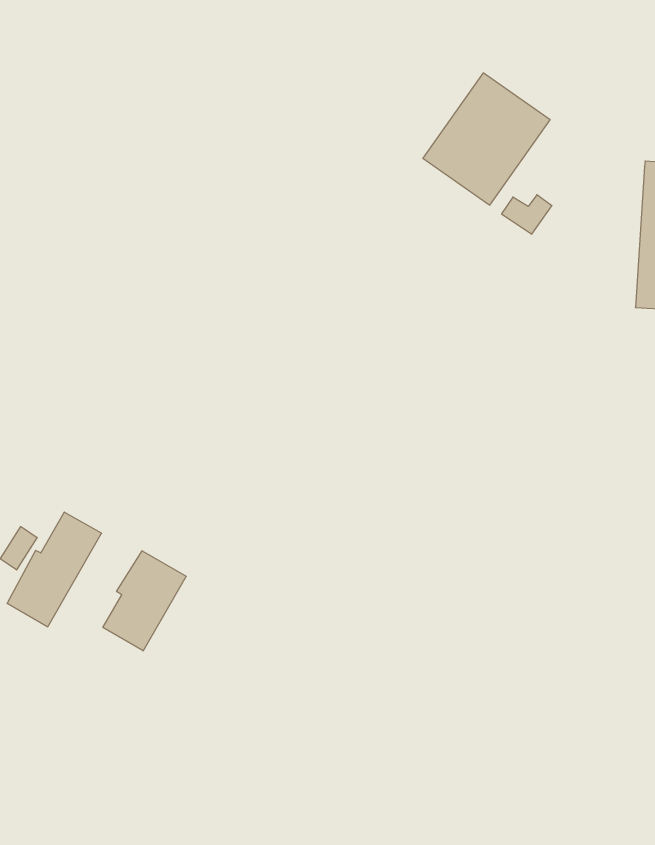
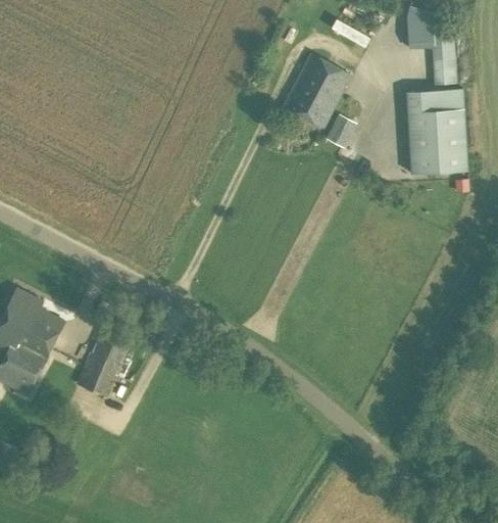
building: [103,551,186,651] -> none

